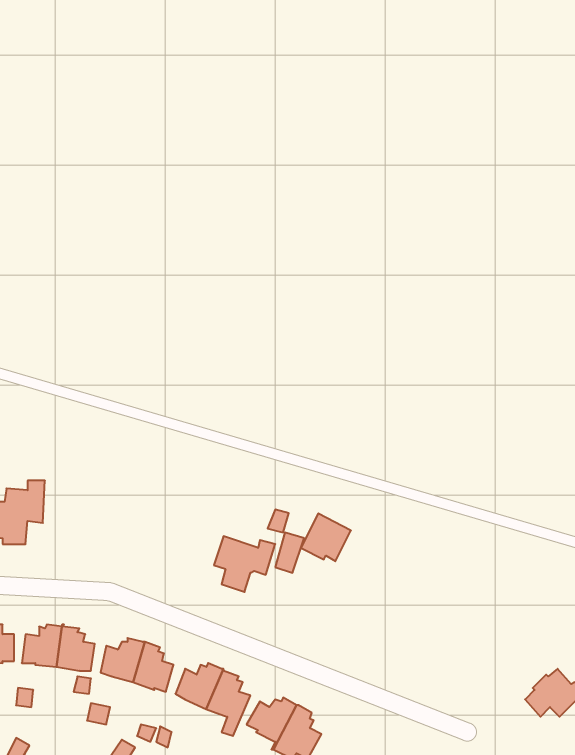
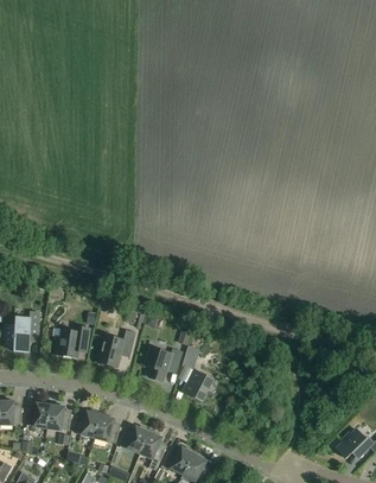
building: none -> [55,328,90,357]
building: none -> [98,330,136,367]
building: [301,513,351,561] -> [183,369,214,399]

